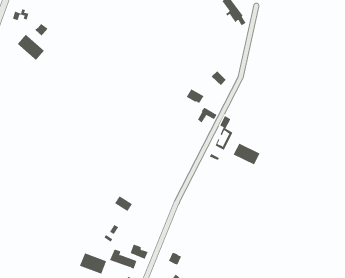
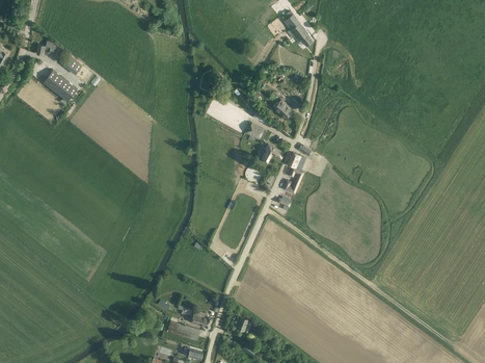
building: [233,143,260,165] -> none
building: [79,252,107,274] -> none

